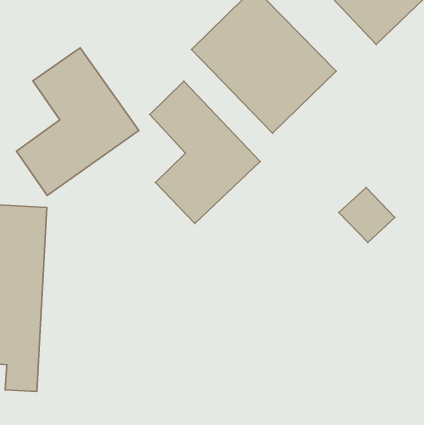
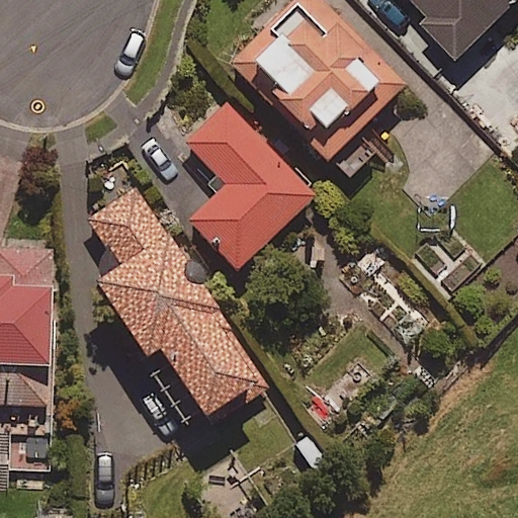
building: [16,48,139,195] -> none
building: none -> [89,188,262,419]

